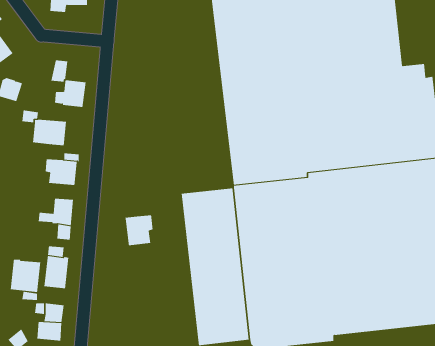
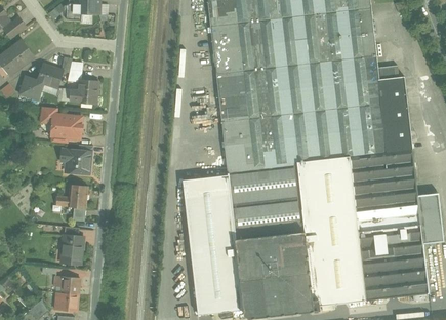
building: none -> [36,65,63,88]
building: [125,215,153,246] -> none
building: [10,259,41,293] -> none

